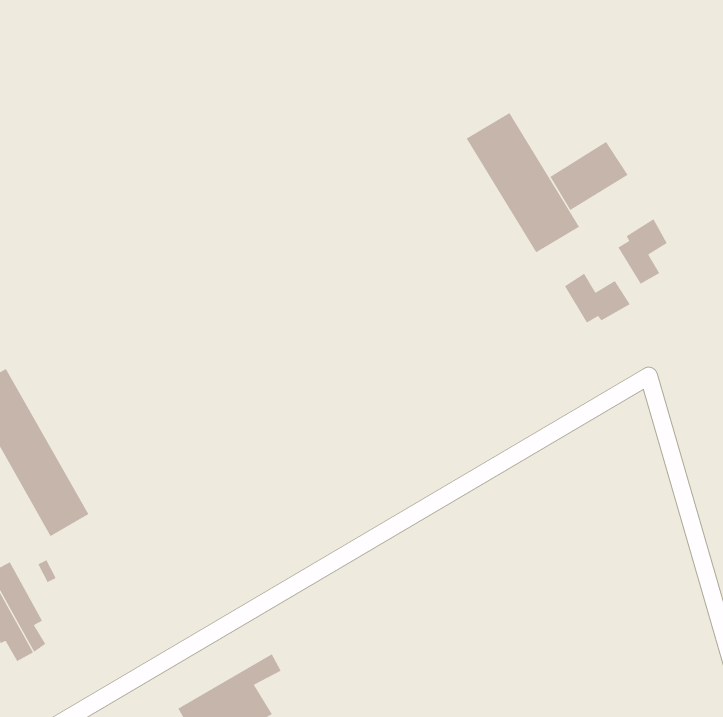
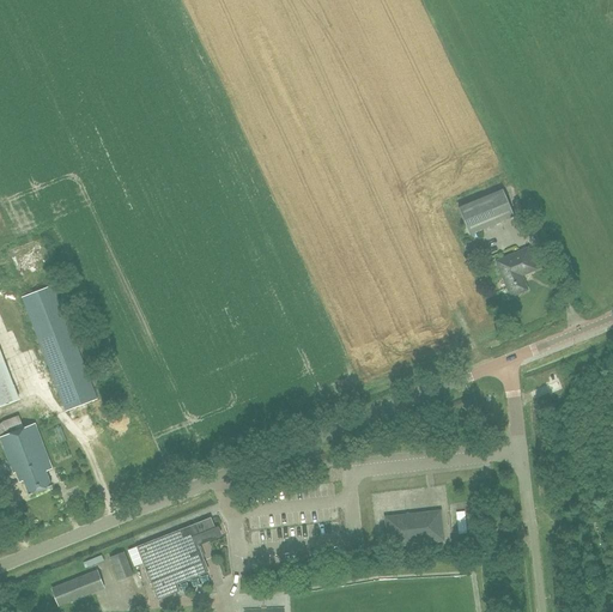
building: [466,112,580,253] -> none
building: [564,273,631,324] -> none
building: none -> [387,515,442,544]

